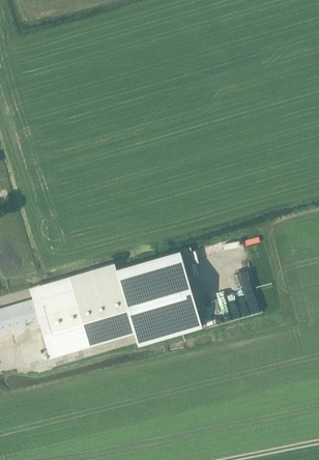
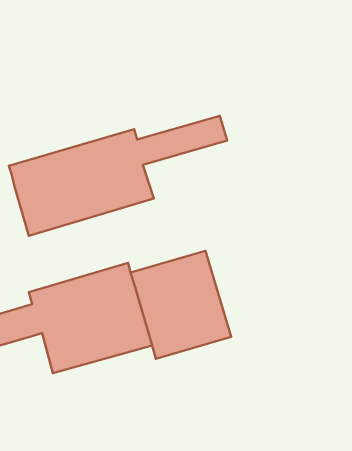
building: none -> [9,116,227,236]

